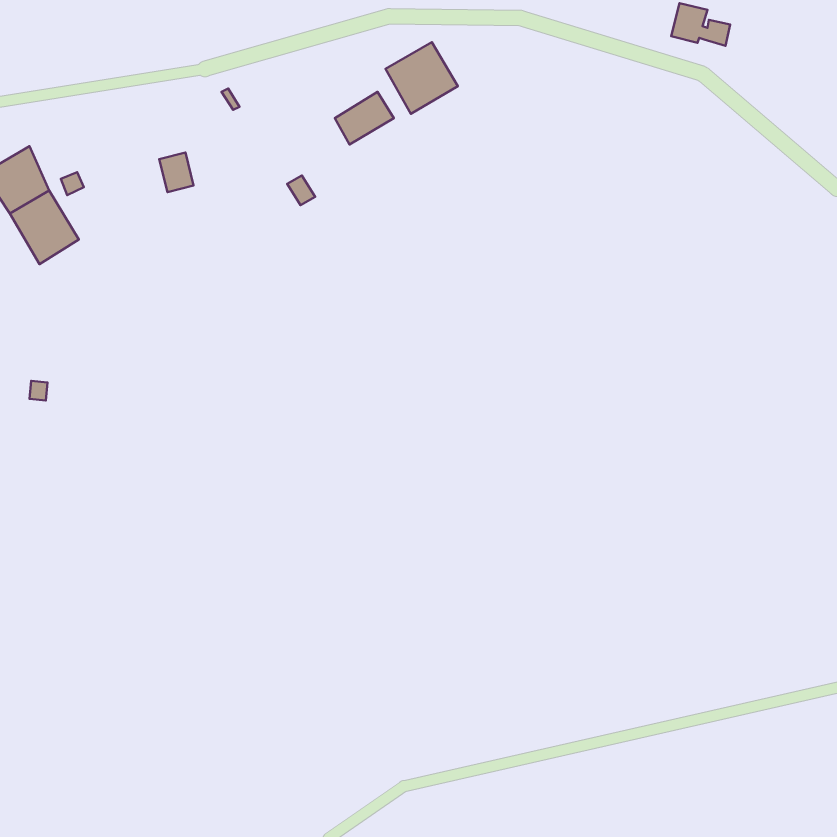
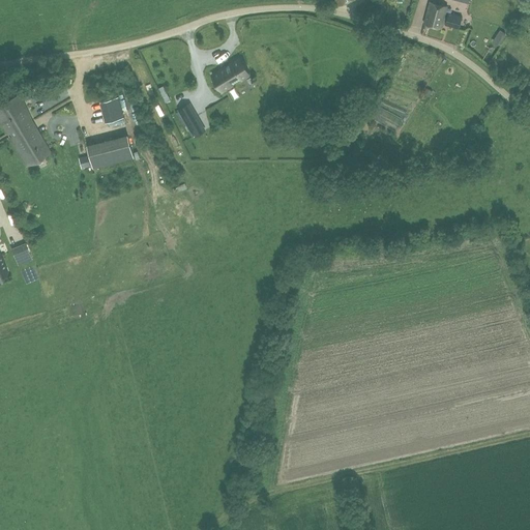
building: [386,42,458,114] -> none
building: none -> [88,139,132,169]

